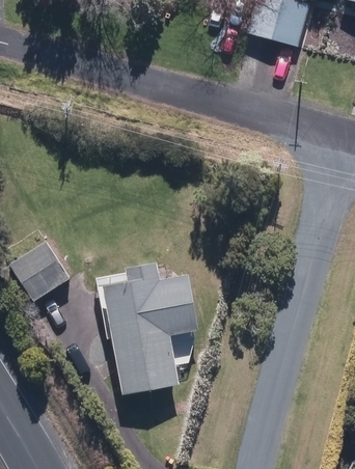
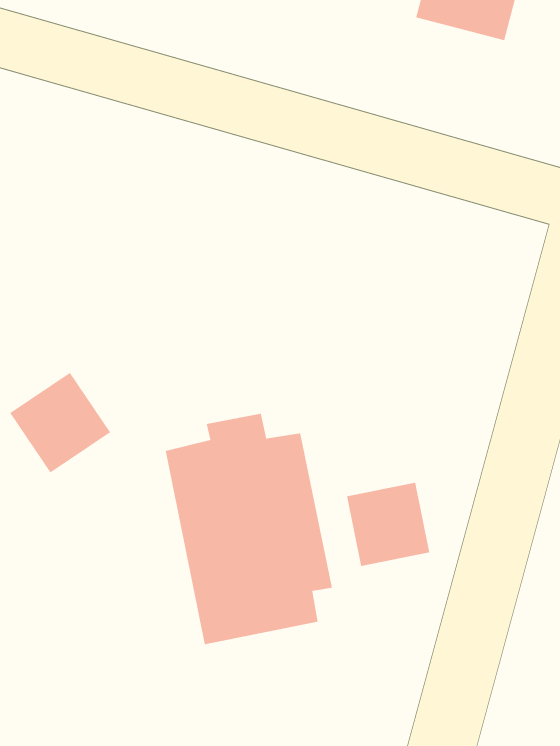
building: none -> [346,482,430,567]

